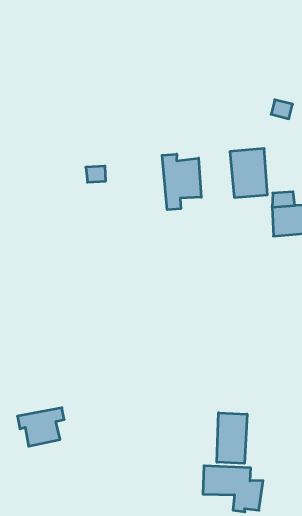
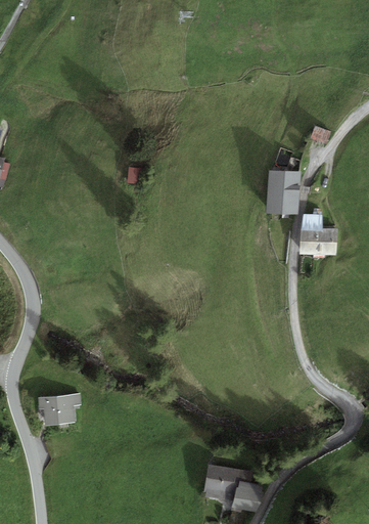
building: [162,154,201,210] -> none
building: [217,413,247,463] -> none

